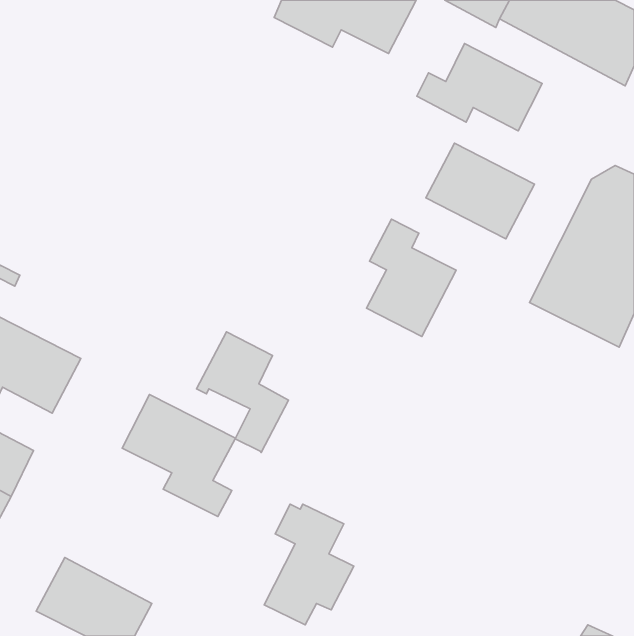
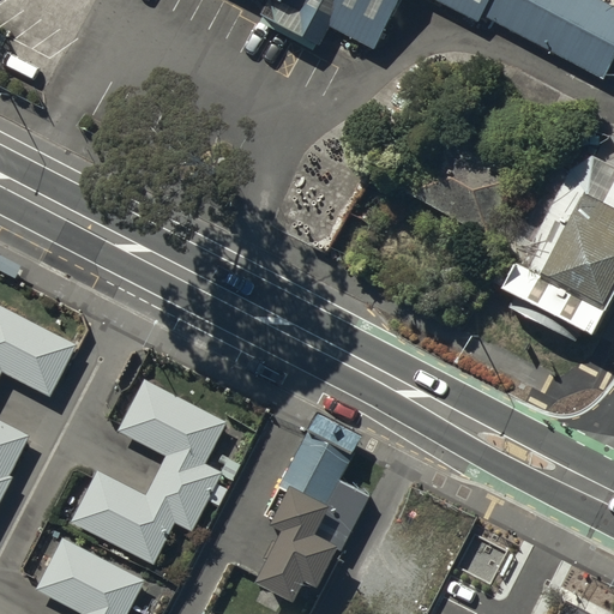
building: [417,43,542,131] -> none
building: [366,219,456,336] -> none
building: [196,332,289,452] -> [279,431,368,547]
building: none -> [71,470,210,564]

